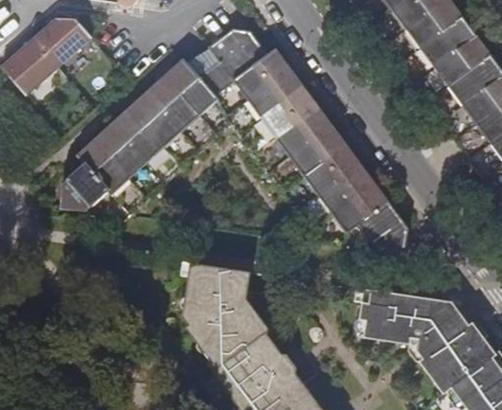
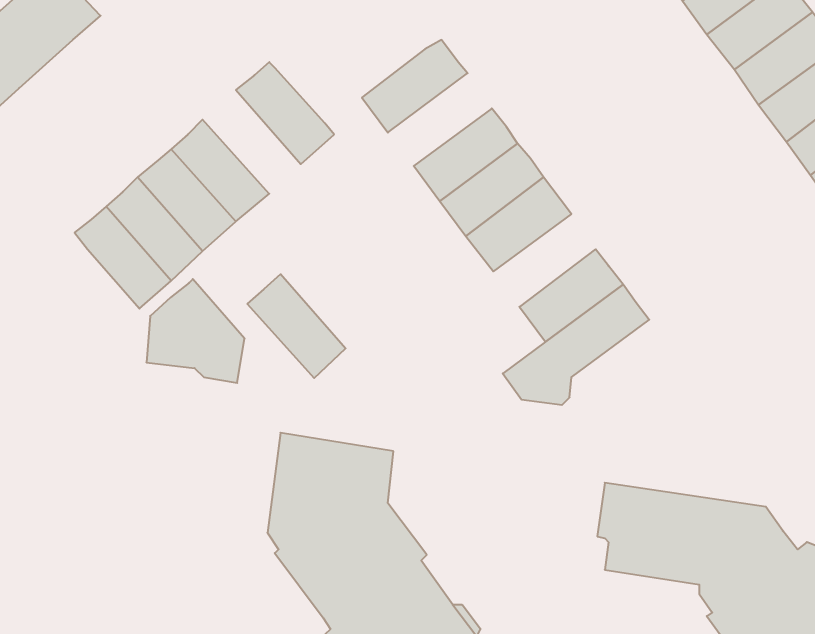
building: [186,32,267,94] -> none
building: [247,67,303,117] -> none
building: [147,76,200,132] -> [247,274,346,378]
building: [304,143,359,193] -> none
building: [60,162,113,218] -> [146,279,245,383]
building: [345,200,408,251] -> none

